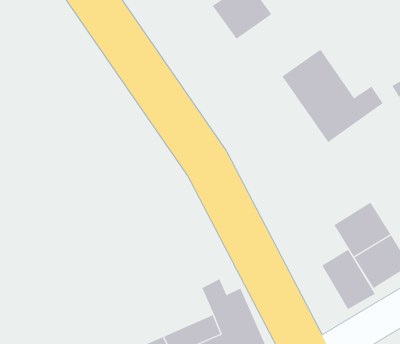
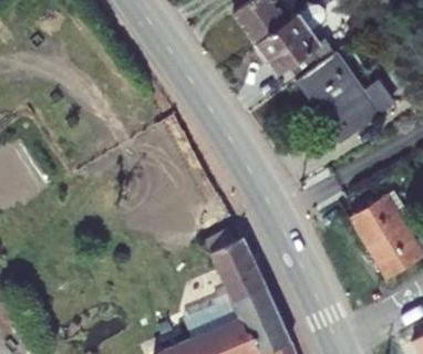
building: none -> [256,10,337,76]
building: none -> [207,232,260,284]
building: [322,249,375,310] -> none

